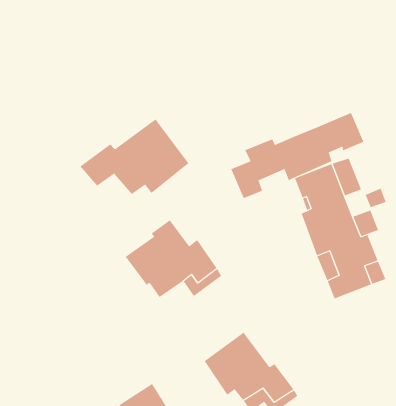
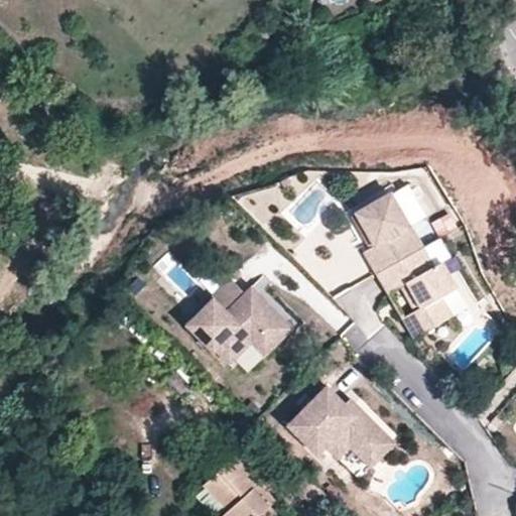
building: [231,112,364,199] -> none
building: [79,118,189,195] -> none

